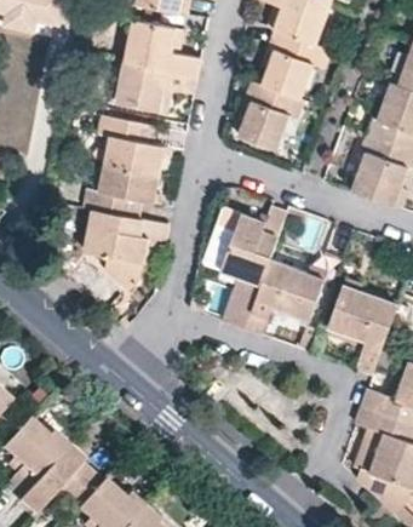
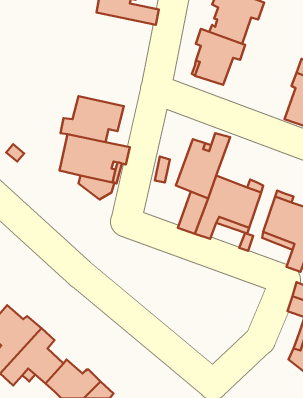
building: [120,61,200,104] -> none
building: [102,105,166,173] -> none

